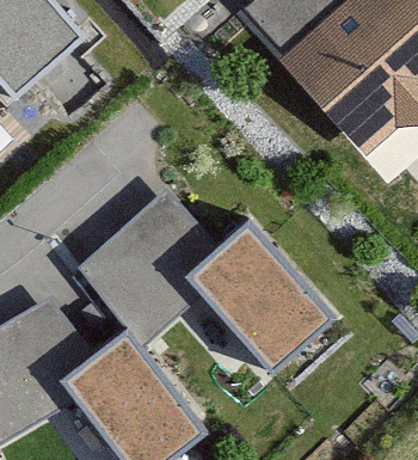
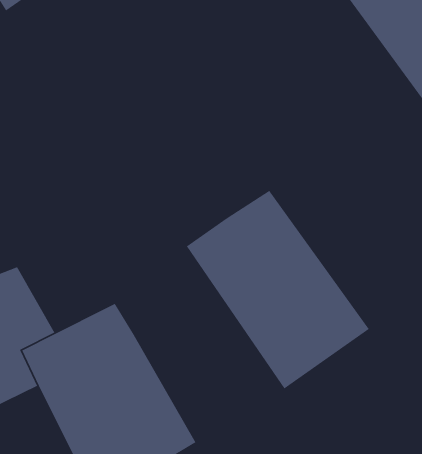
building: [80,197,209,346] -> none

